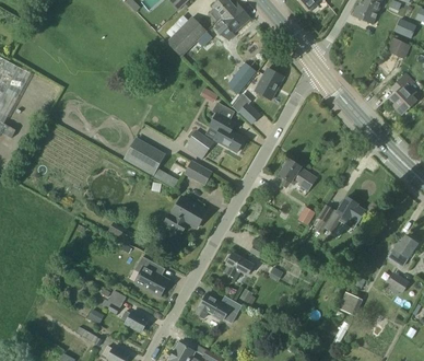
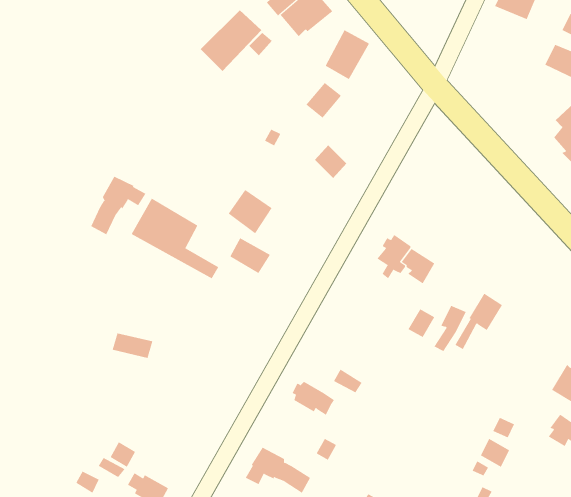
building: [255,68,283,100] -> [325,30,370,80]
building: [209,112,245,151] -> none
building: none -> [91,176,146,235]
building: [164,195,205,231] -> none
building: [134,256,168,296] -> none

